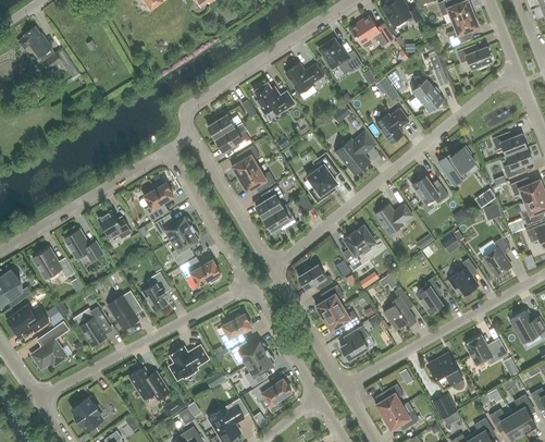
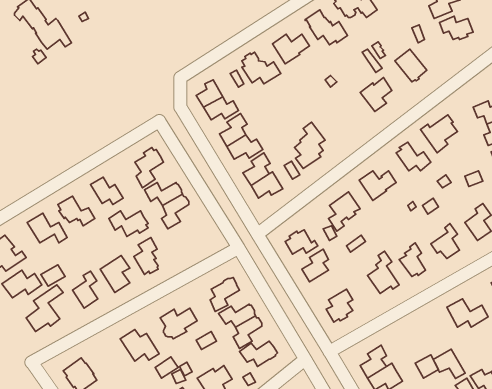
building: [335,132,375,174] -> none
building: [179,259,220,285] -> [109,211,148,236]
building: [323,306,359,331] -> none
building: [429,354,461,384] -> [433,349,465,379]

